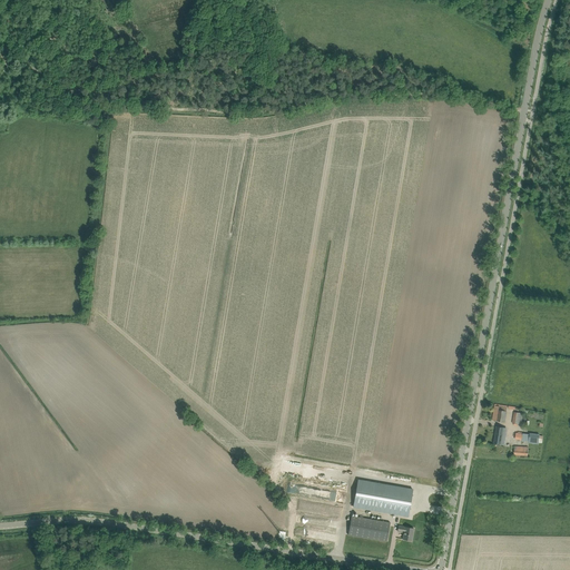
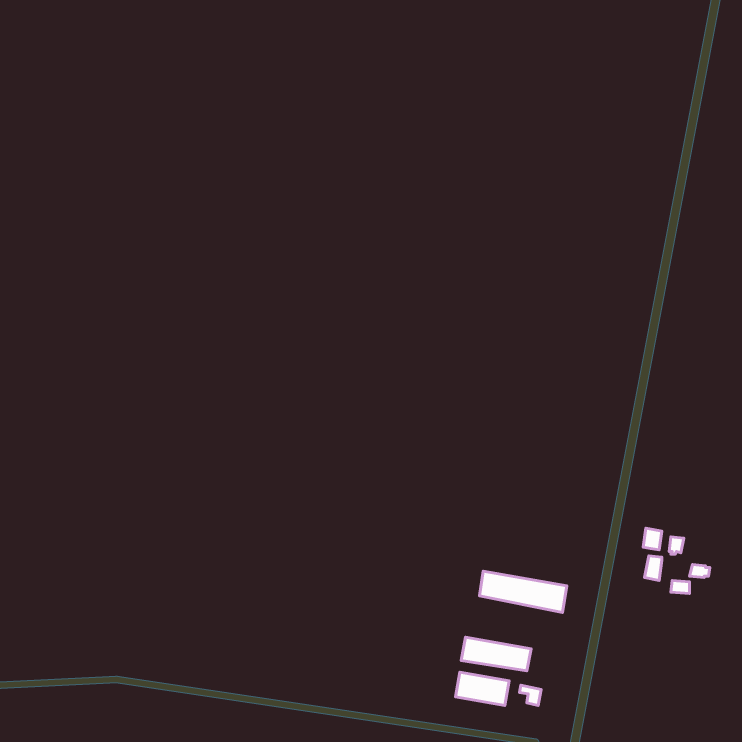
building: none -> [479,571,567,612]

